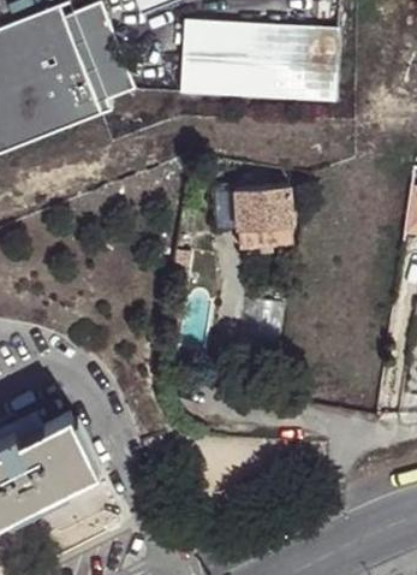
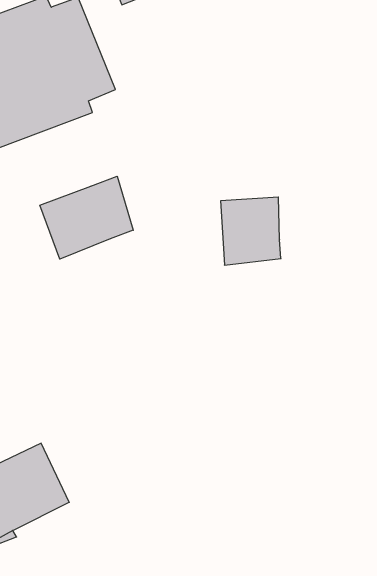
building: [184,20,339,99] -> none
building: none -> [40,176,133,259]

